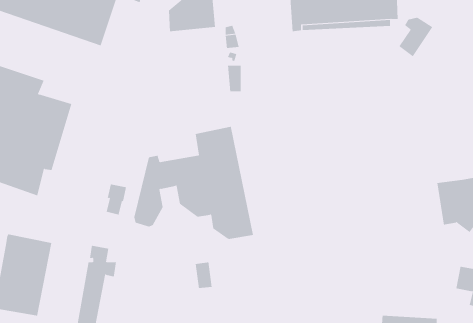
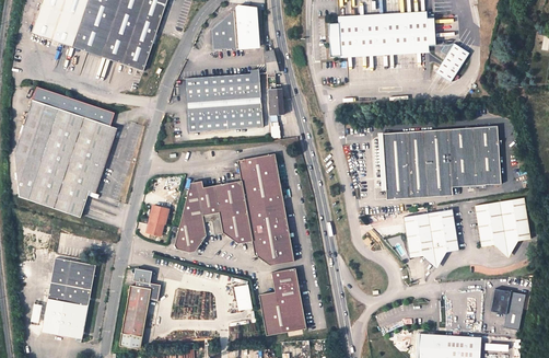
building: none -> [185,69,262,130]
building: none -> [383,125,501,198]
building: none -> [402,209,458,266]
building: none -> [258,265,307,333]

